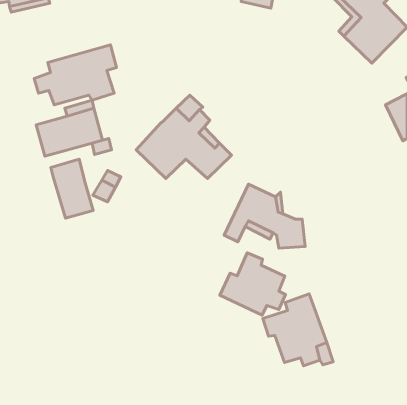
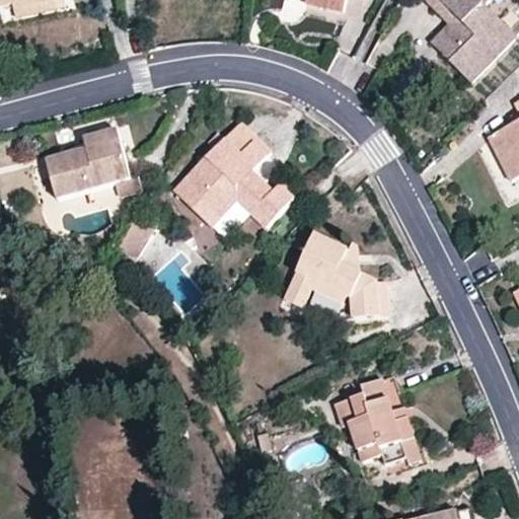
building: [34,45,117,105] -> none
building: [51,159,93,218] -> none
building: [220,253,286,315] -> none

